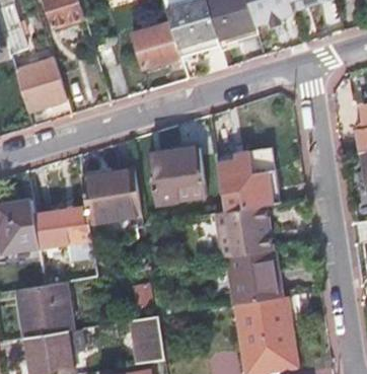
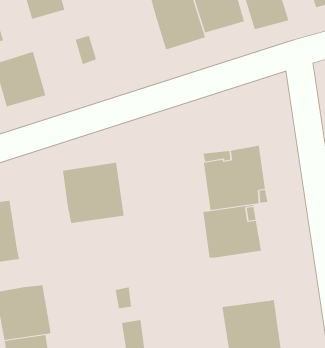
building: [132,23,180,69] -> none
building: [148,148,206,203] -> none
building: [33,208,94,259] -> none
building: [226,249,280,303] -> none

